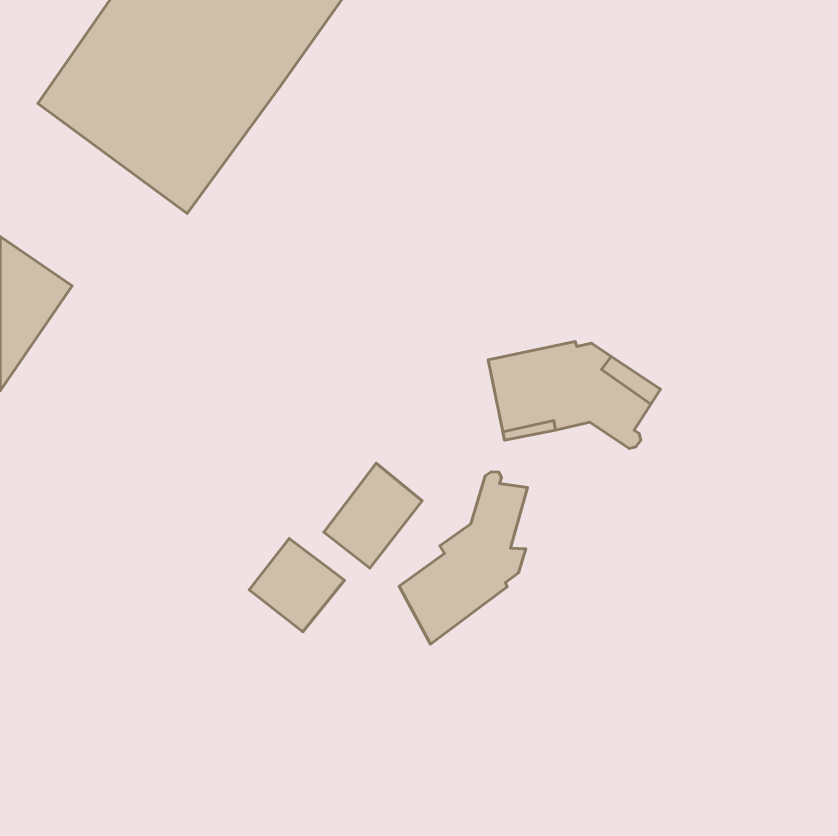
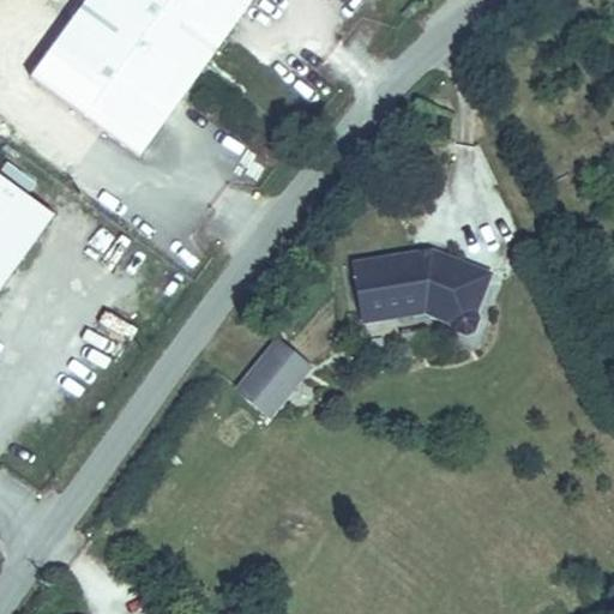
building: [399,472,528,644] -> none
building: [249,539,344,632] -> none

